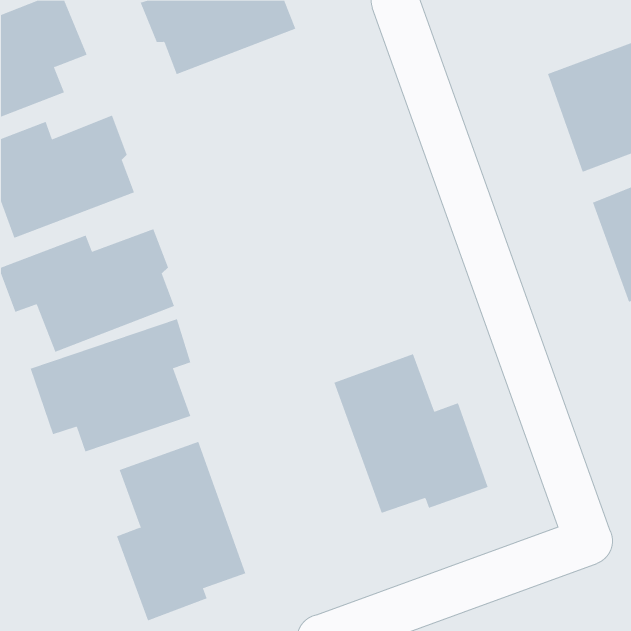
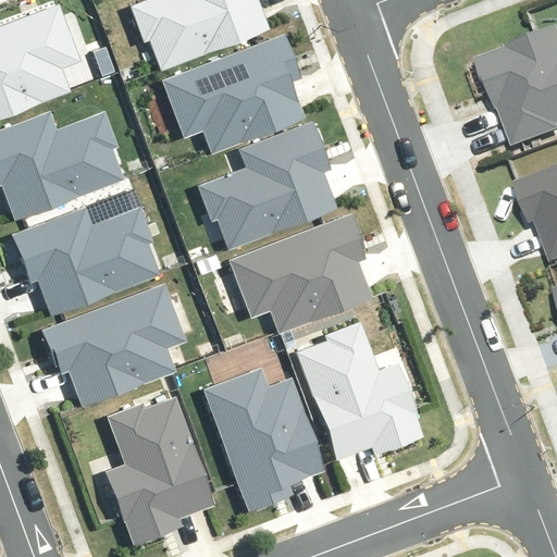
building: none -> [156,39,296,156]
building: none -> [197,120,335,247]
building: none -> [226,221,367,337]
building: none -> [199,364,330,512]

